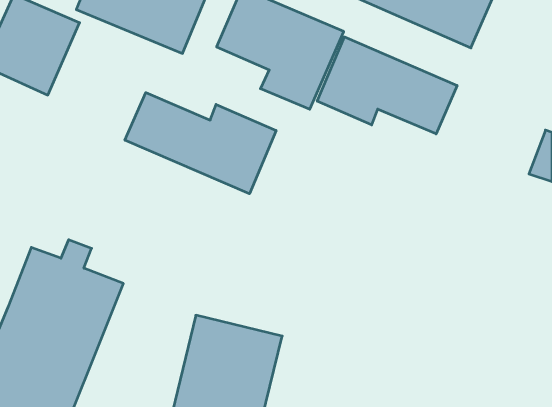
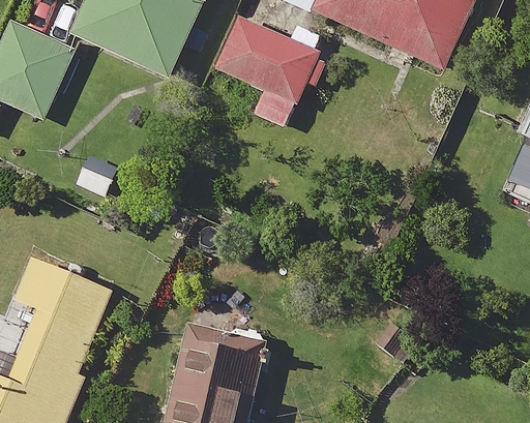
building: [317,37,457,134] -> none
building: [125,93,276,194] -> none

